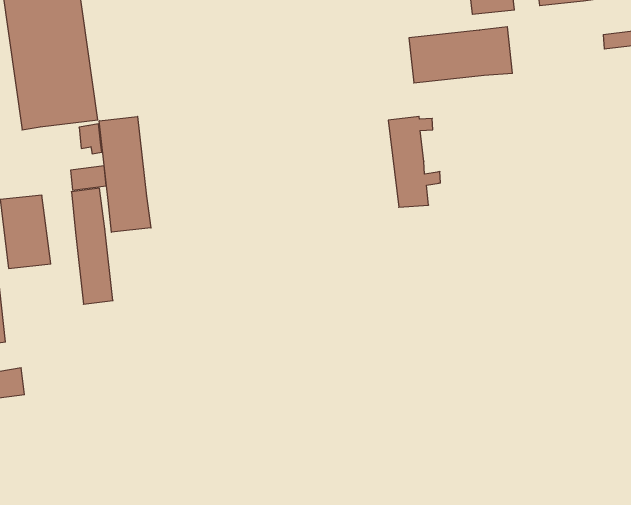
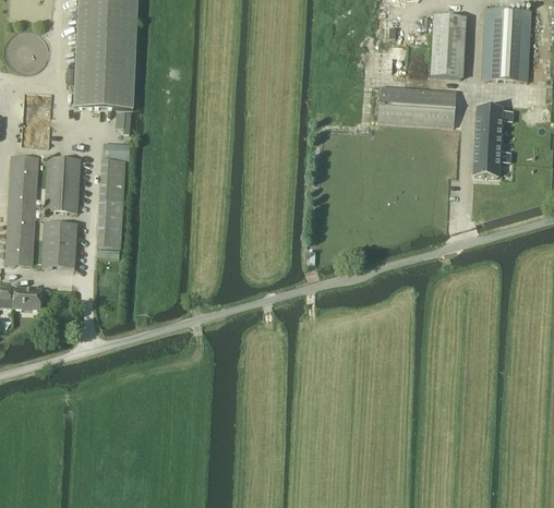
building: [99,116,151,232] -> none
building: [388,116,440,207] -> [474,107,511,177]
building: none -> [41,221,77,267]

